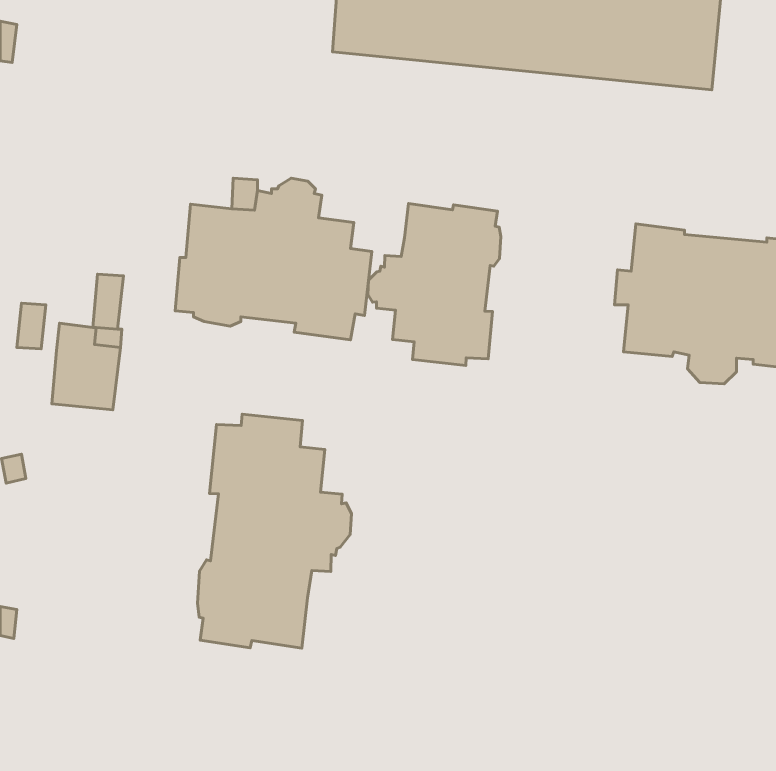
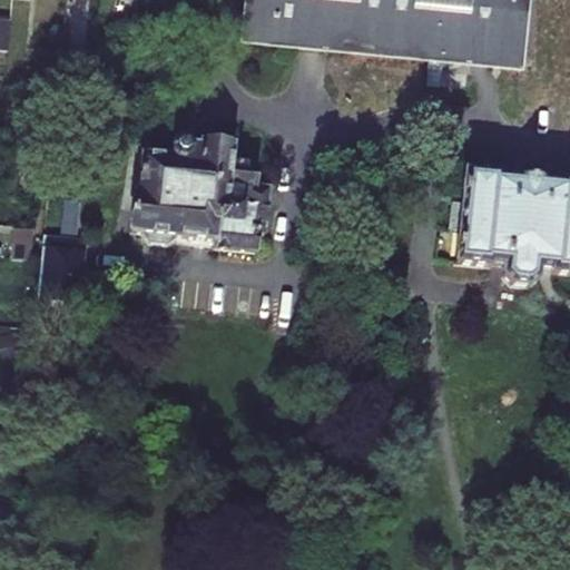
building: [368,203,501,365] -> none
building: [198,414,351,648] -> none

